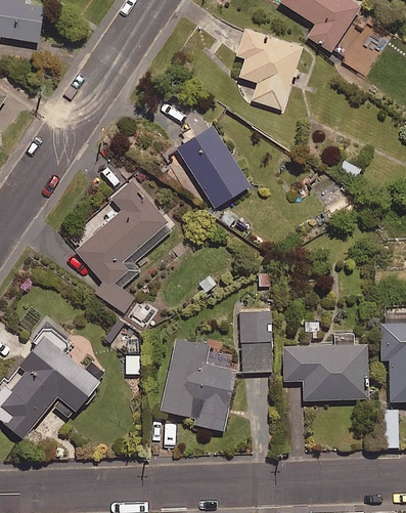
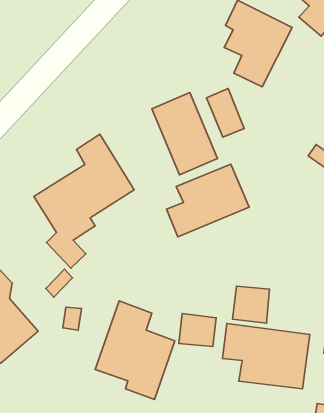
building: none -> [206,89,244,137]
building: none -> [166,164,249,237]
building: [237,308,272,343] -> [233,286,270,323]

